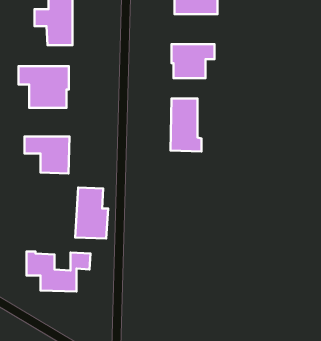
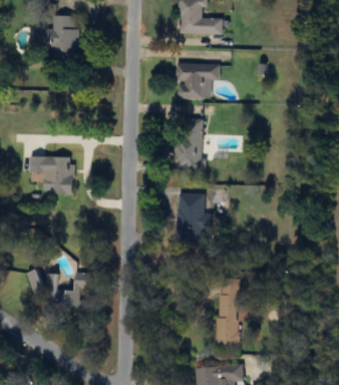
building: [19,66,69,108] -> none
building: [75,188,108,239] -> [177,193,210,244]
building: none -> [217,279,240,345]

